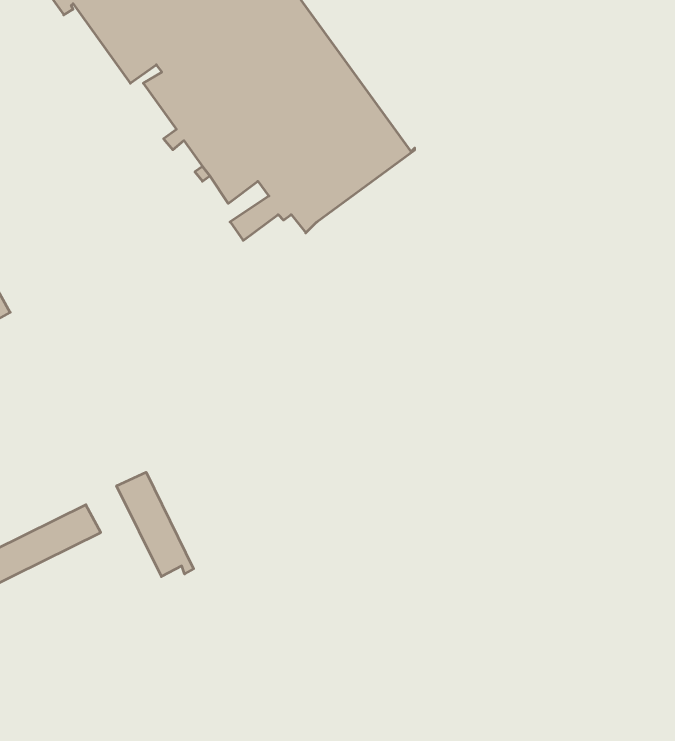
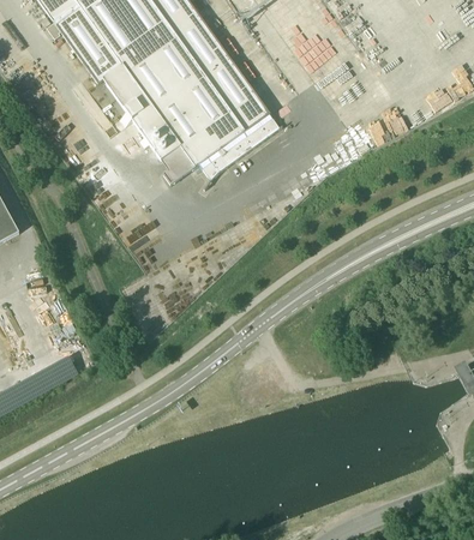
building: [117,472,194,577] -> none

